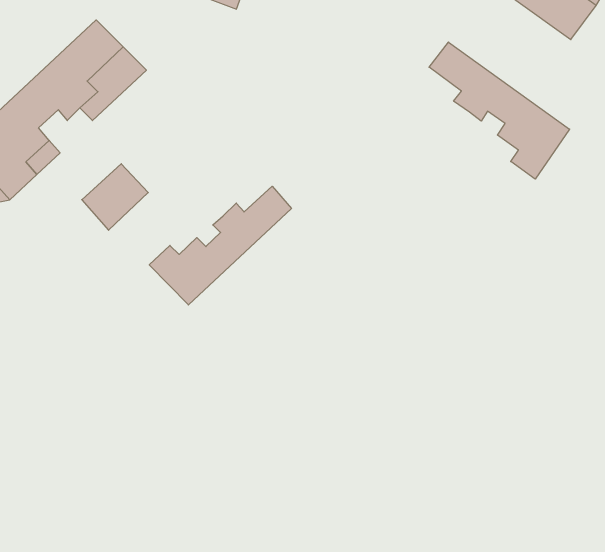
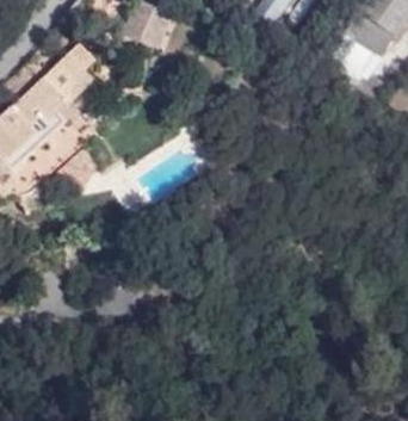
building: [429,42,570,179] -> none
building: [149,186,291,305] -> none

